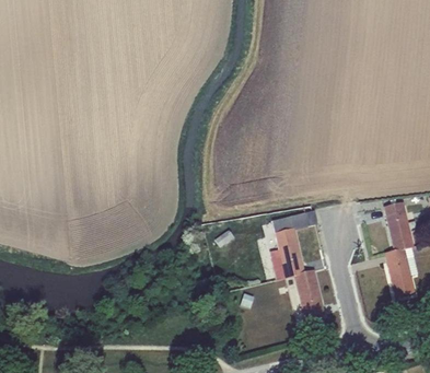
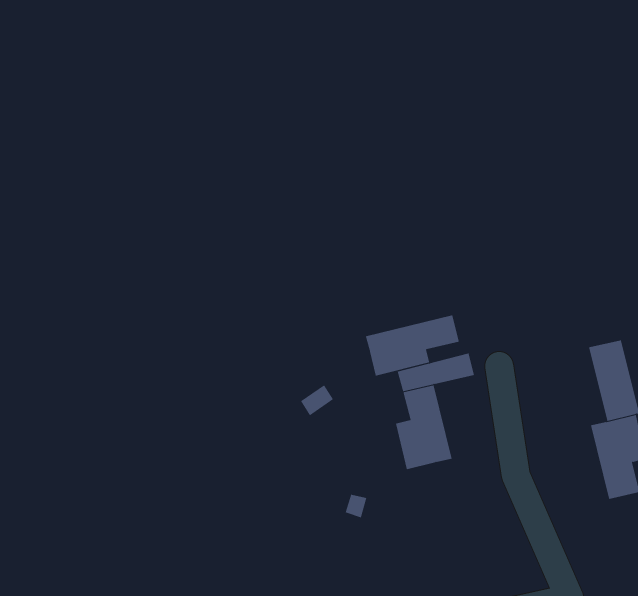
building: none -> [365,315,460,377]
building: [293,271,323,319] -> none

